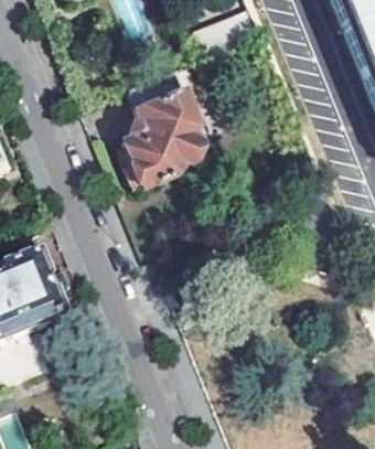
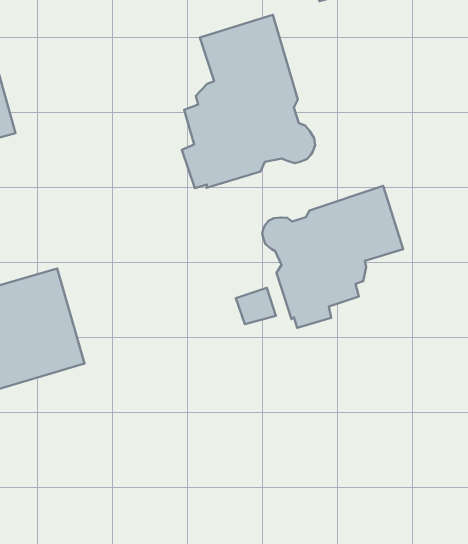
building: none -> [262,186,403,328]

